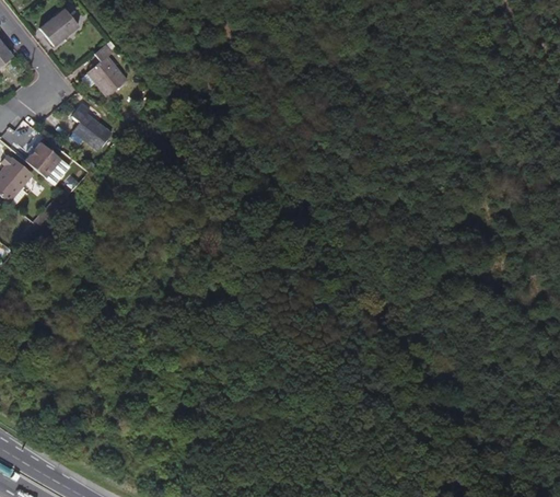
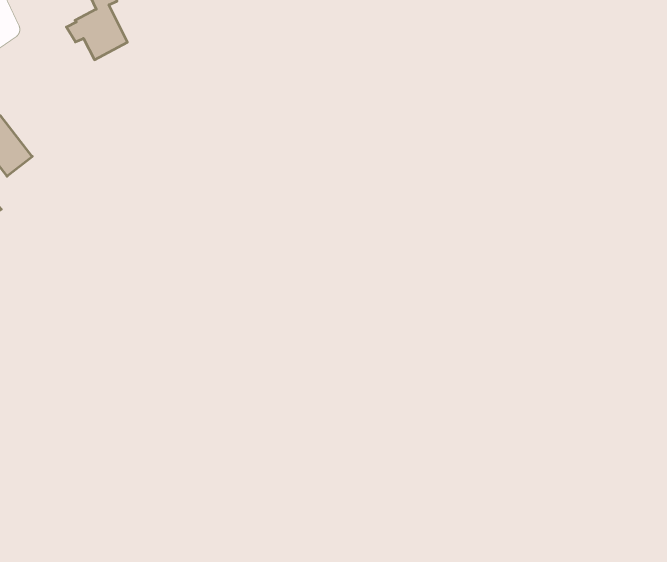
building: [69,101,109,149] -> none

